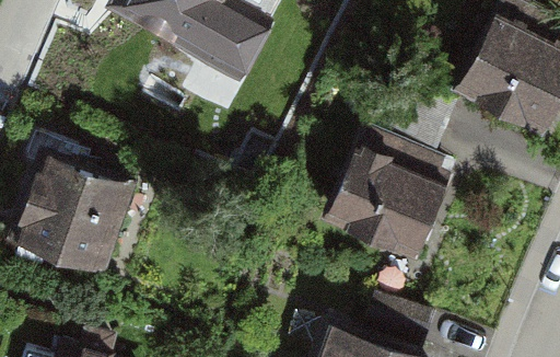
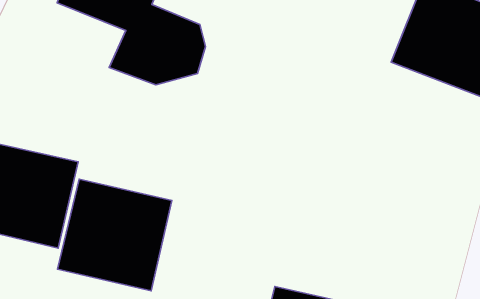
building: [324,146,451,260] -> none
building: none -> [58,179,172,291]

